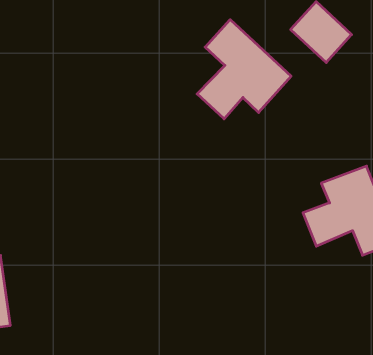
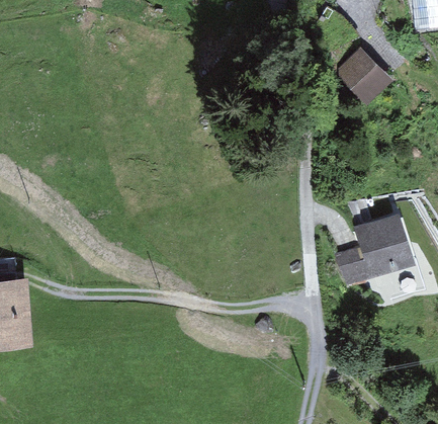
building: [197,20,291,119] -> none

